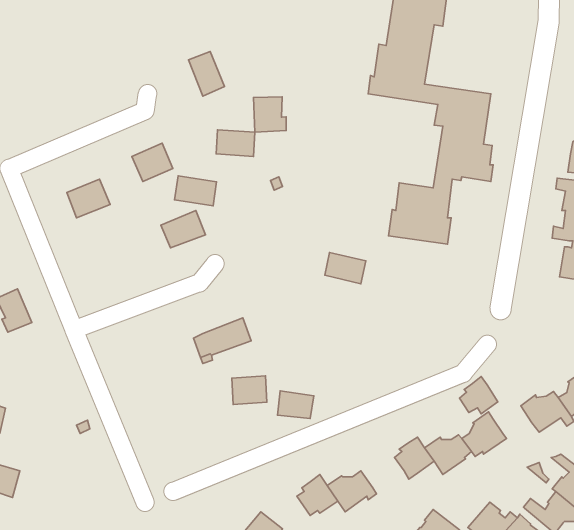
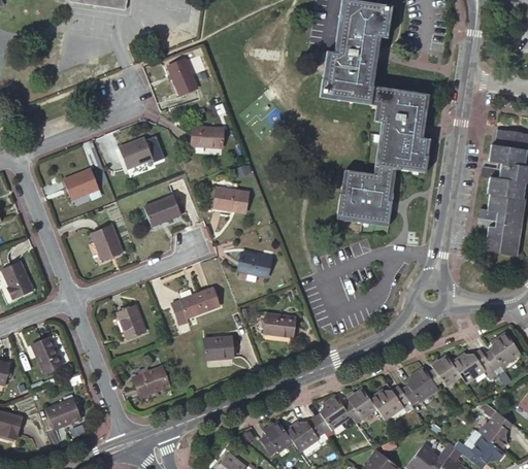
building: [254,97,286,132] -> none
building: [174,176,217,206] -> [213,187,250,212]
building: none -> [91,224,124,261]
building: [325,252,366,284] -> [237,250,272,277]
building: none -> [117,304,146,338]
building: [459,376,498,414] -> [428,354,461,386]
building: none -> [32,336,62,372]
building: [278,391,314,419] -> [265,312,296,336]
building: none -> [132,365,170,397]
building: none -> [315,394,352,431]
building: none -> [45,397,81,429]

